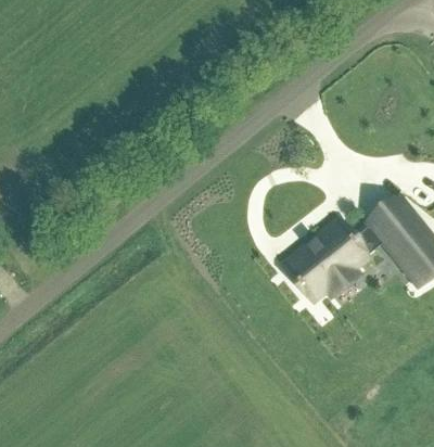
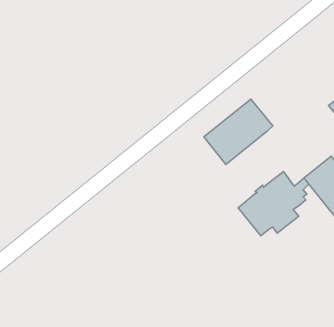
building: none -> [204,99,273,165]

